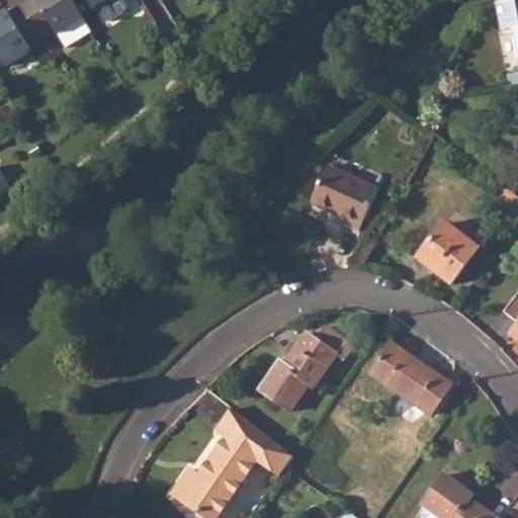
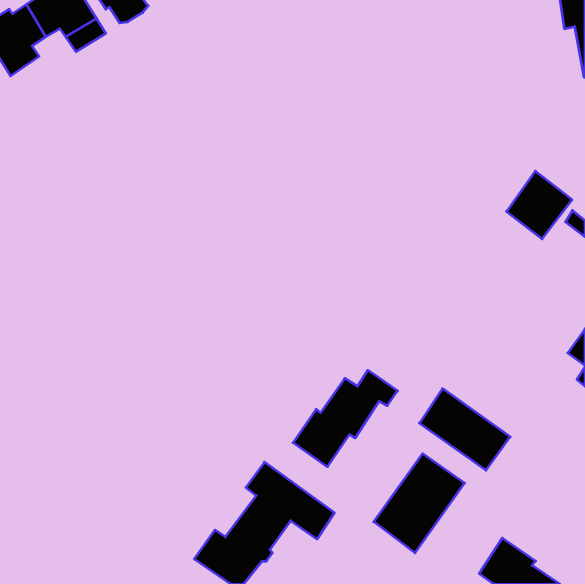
building: [310,163,377,228] -> none
building: [417,222,474,281] -> [506,171,572,239]
building: none -> [374,454,465,553]

